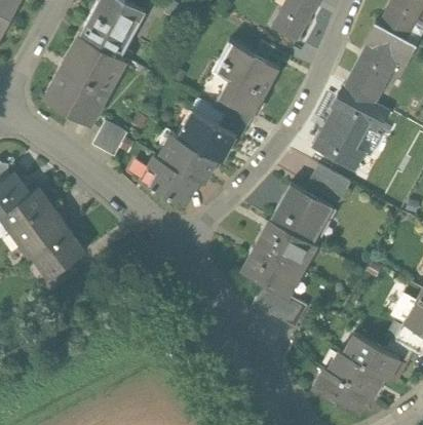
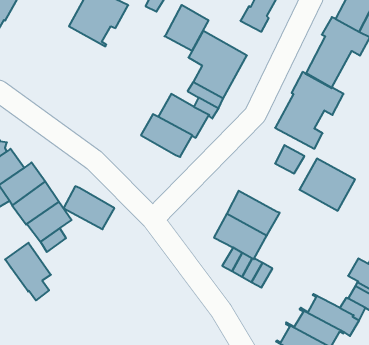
building: none -> [164,5,208,51]
building: [44,34,125,123] -> none
building: [94,119,127,153] -> none
building: [142,154,199,202] -> [63,186,114,229]
building: [270,184,333,242] -> [299,159,355,211]
building: none -> [5,243,51,300]

